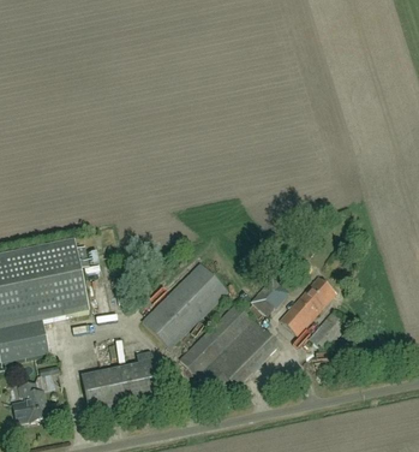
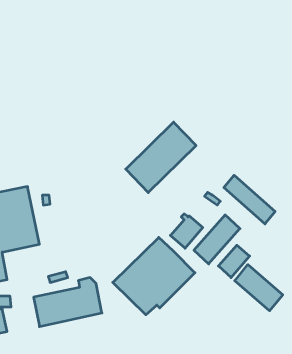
building: none -> [224,175,275,224]
building: [142,261,228,347] -> [126,122,196,193]
building: none -> [235,265,283,311]

